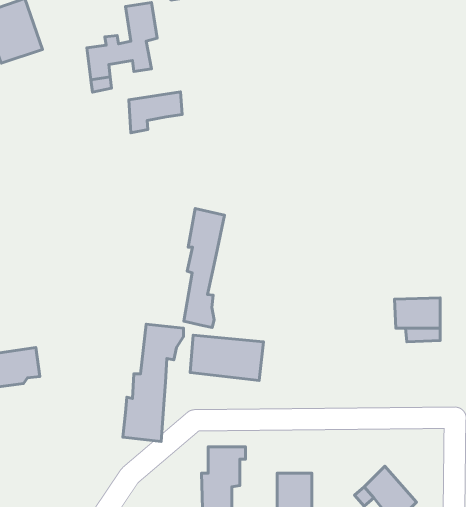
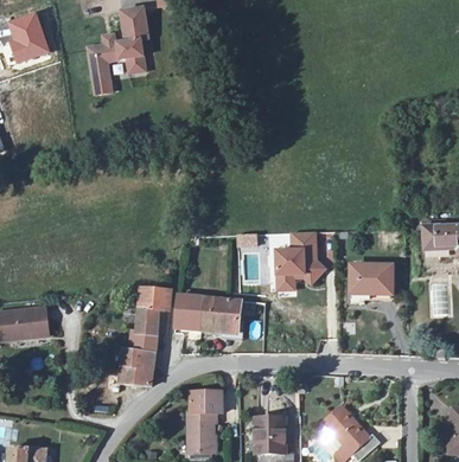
building: [129,92,182,133] -> none
building: [184,208,224,328] -> none
building: none -> [275,232,325,283]

